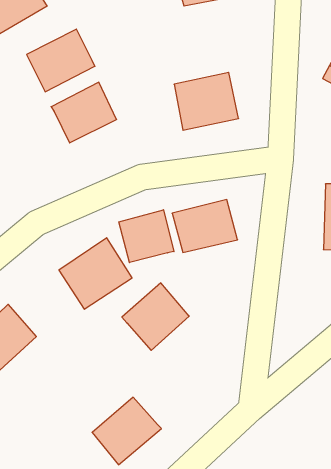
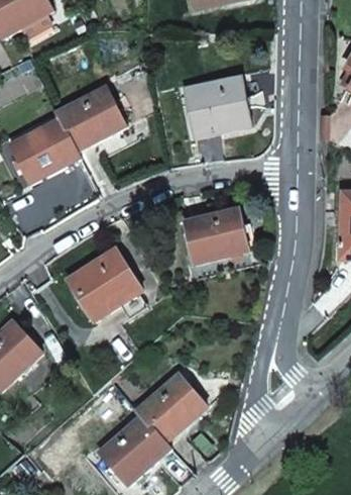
building: [27,29,95,92] -> [9,118,80,183]
building: [119,210,174,263] -> none
building: [122,283,189,350] -> [137,372,207,441]

